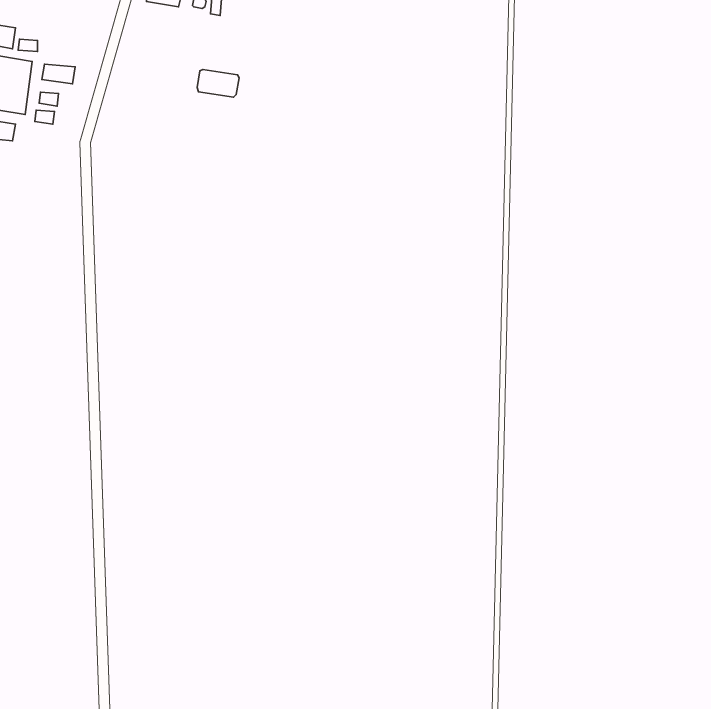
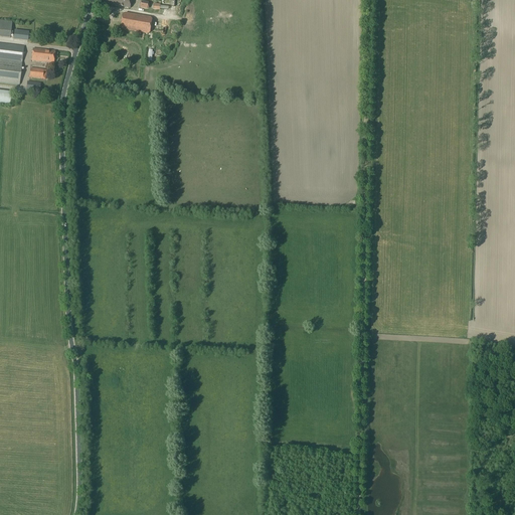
building: [197,69,239,97] -> [121,11,151,31]

